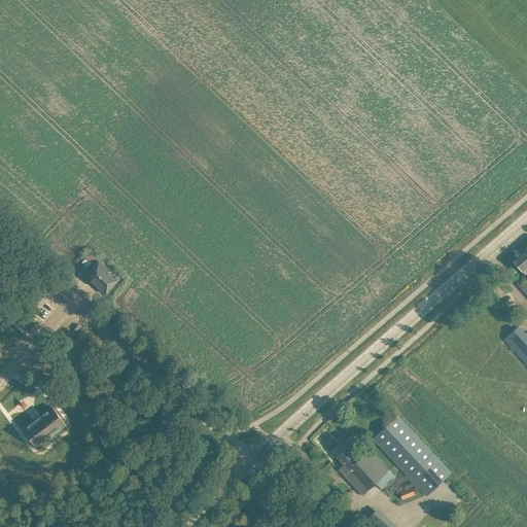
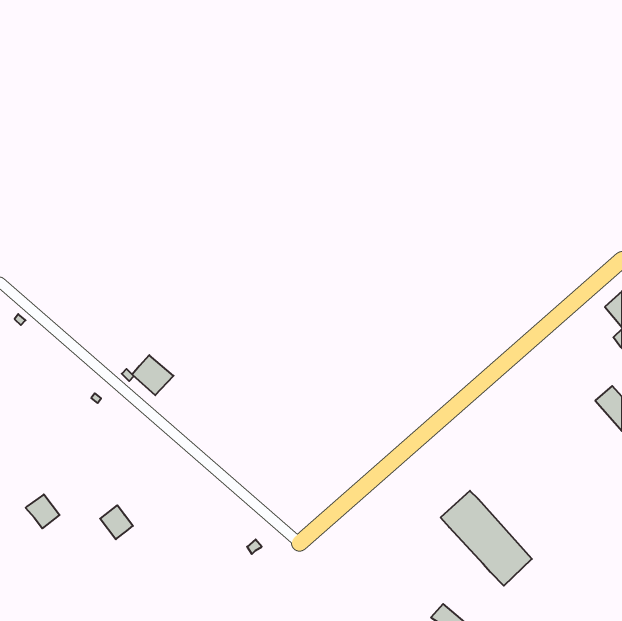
building: [85,260,120,294] -> [132,355,174,395]
building: [37,408,65,436] -> [100,505,133,539]
building: [337,448,394,496] -> none

